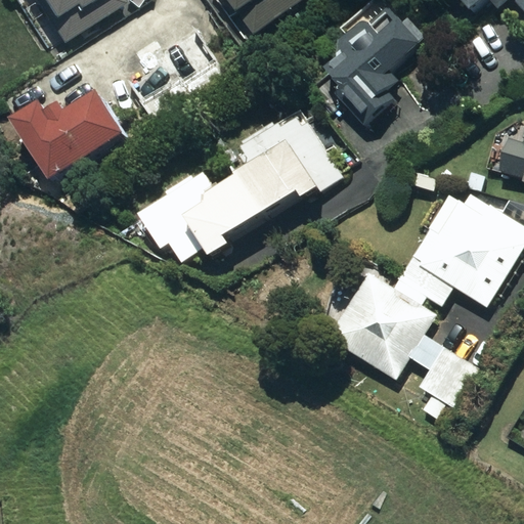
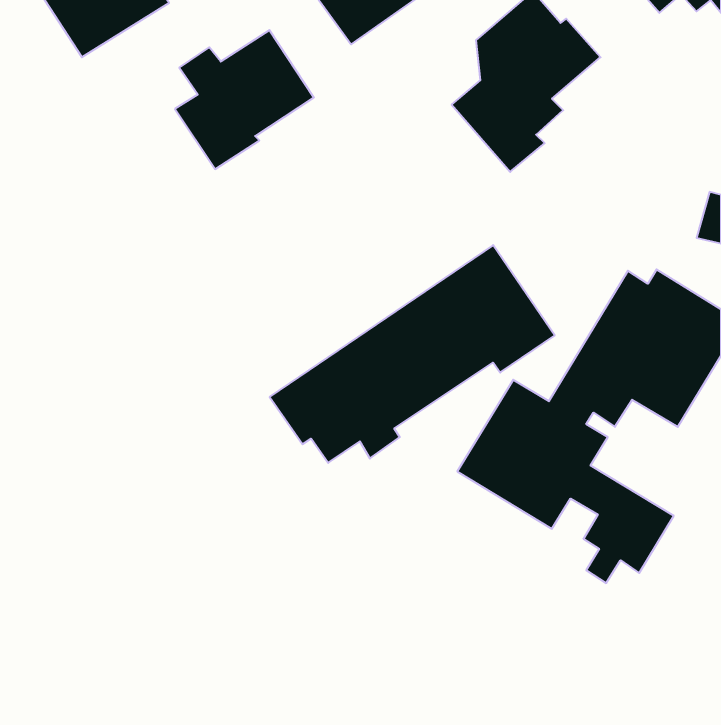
building: [16,94,127,181] -> none
building: [139,107,343,263] -> [270,245,555,463]

